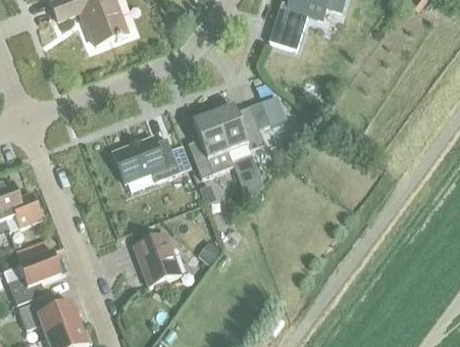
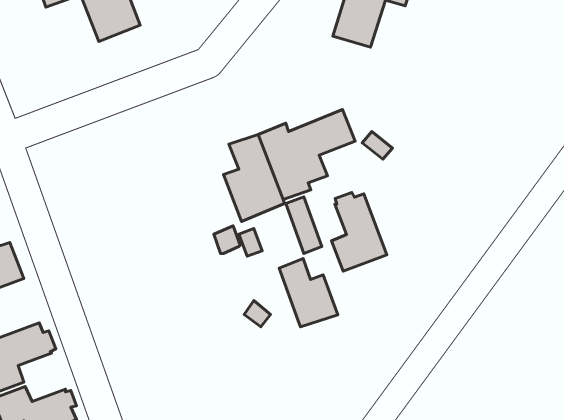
building: [112,135,180,182] -> none
building: none -> [332,192,387,271]
building: none -> [279,258,338,327]
building: [133,231,181,286] -> none

